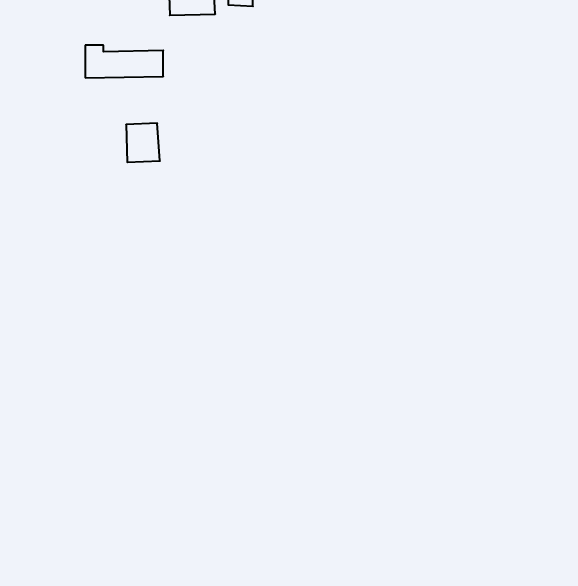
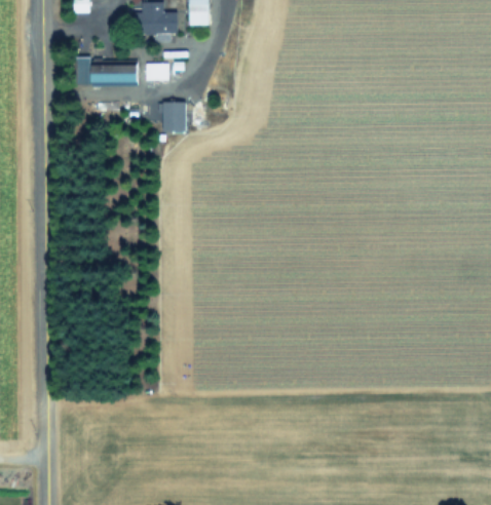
building: none -> [146,64,169,81]
building: [126,123,160,162] -> [160,102,187,132]

